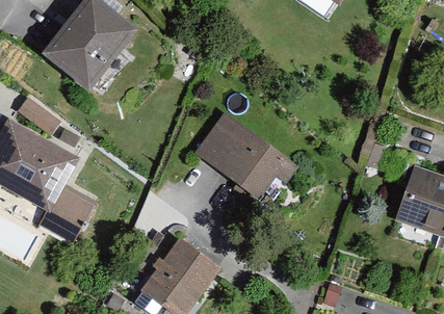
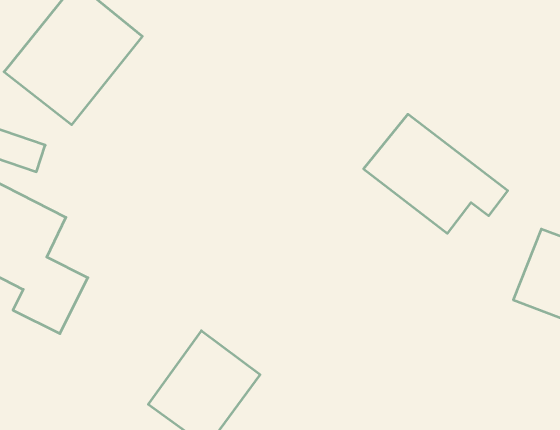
building: [197,113,298,198] -> [364,114,508,233]

